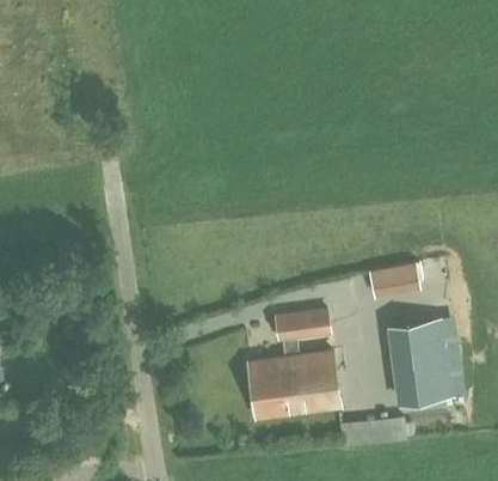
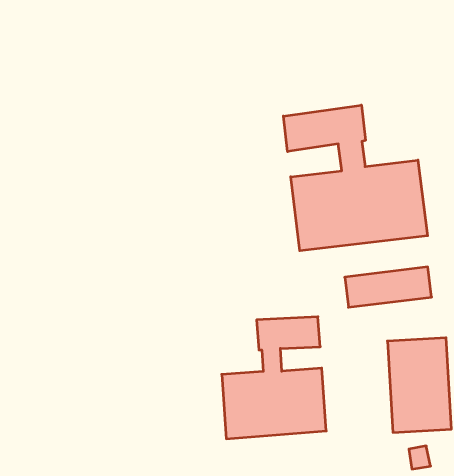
building: none -> [283,105,428,251]

